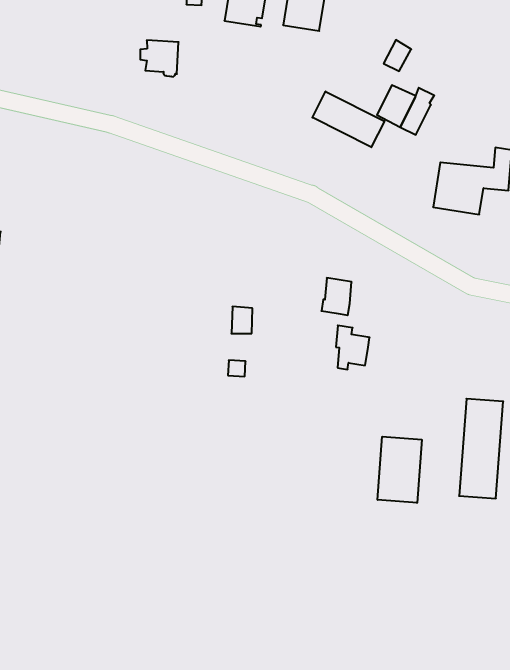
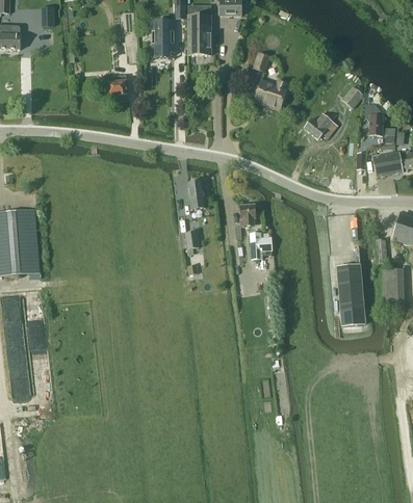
building: [312,91,384,147] -> none
building: none -> [187,179,207,209]
building: [378,437,422,503] -> none

